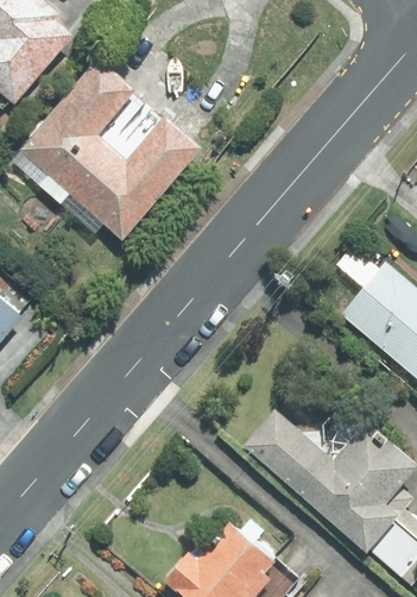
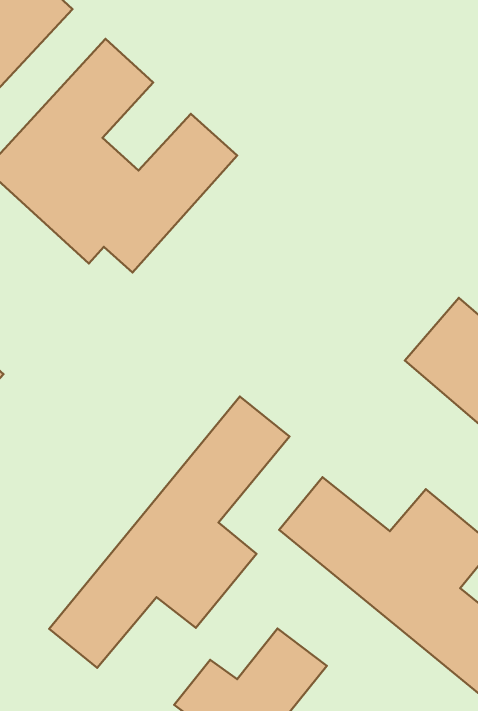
building: none -> [49,397,289,668]

